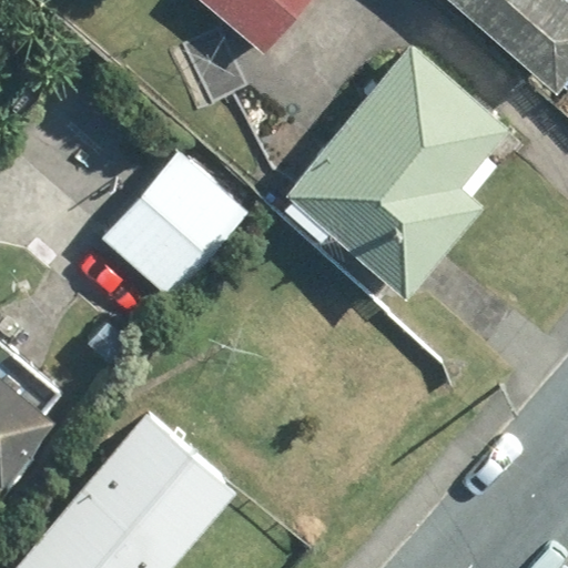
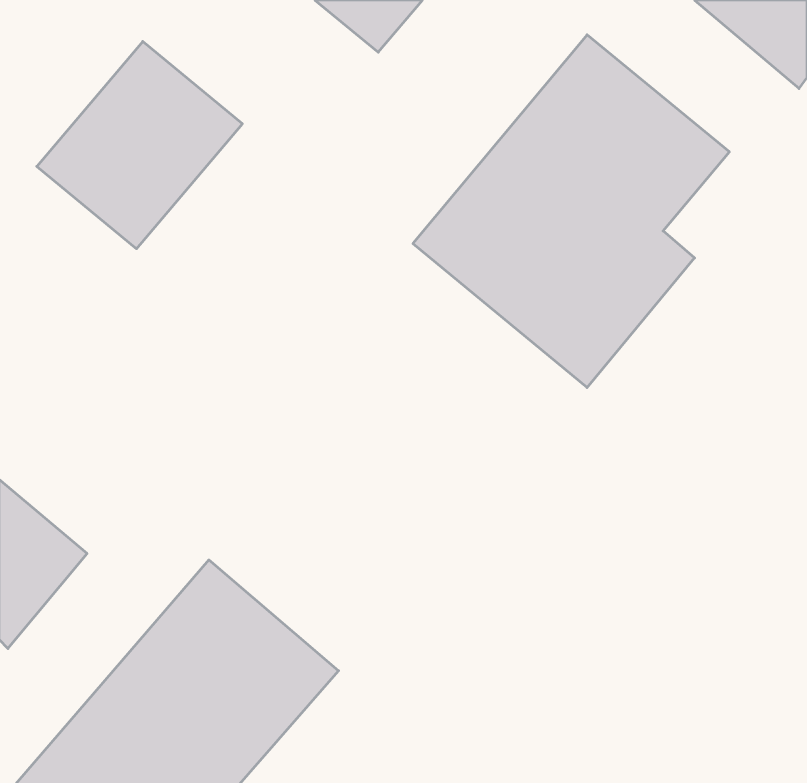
building: [104,153,248,298] -> [37,41,242,249]

